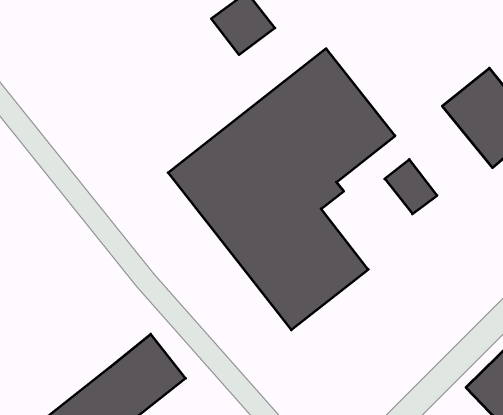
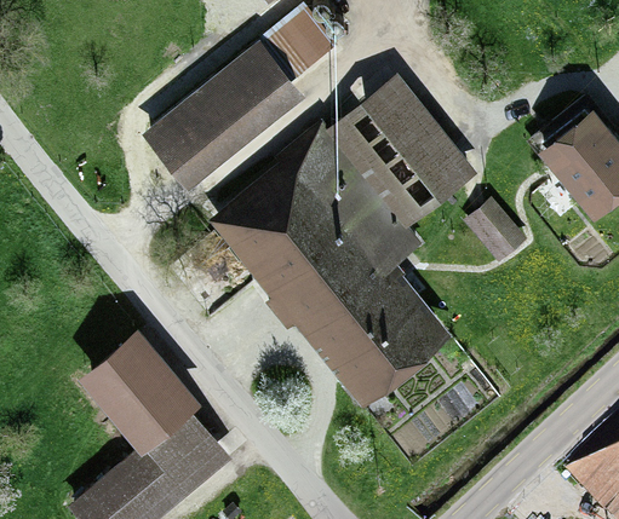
building: none -> [138,45,306,200]
building: none -> [80,325,200,449]

